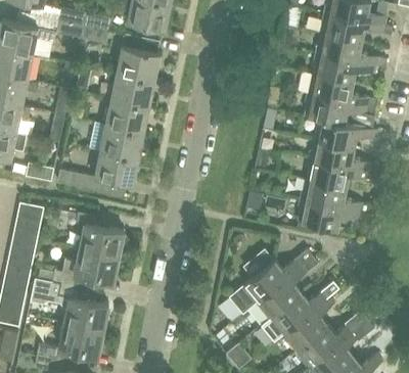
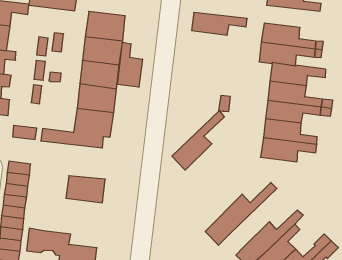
building: [314,53,376,81] -> [192,13,247,35]
building: none -> [117,42,142,87]
building: [52,247,120,287] -> none
building: [257,255,318,318] -> [172,111,224,170]

